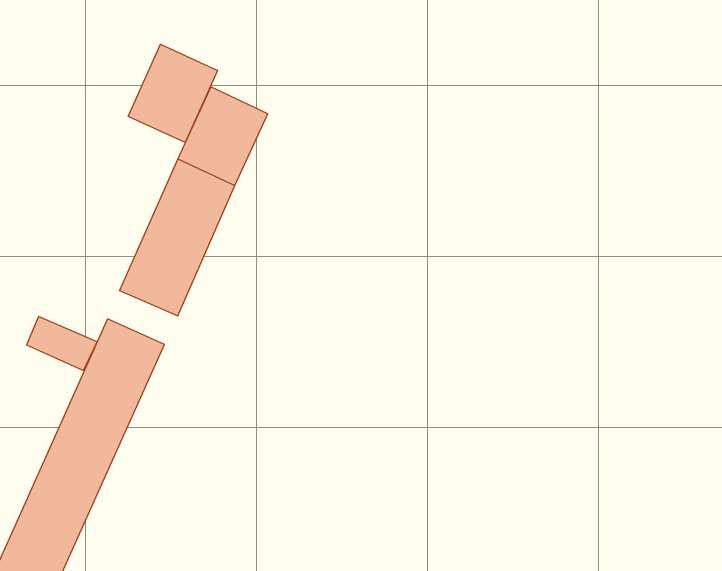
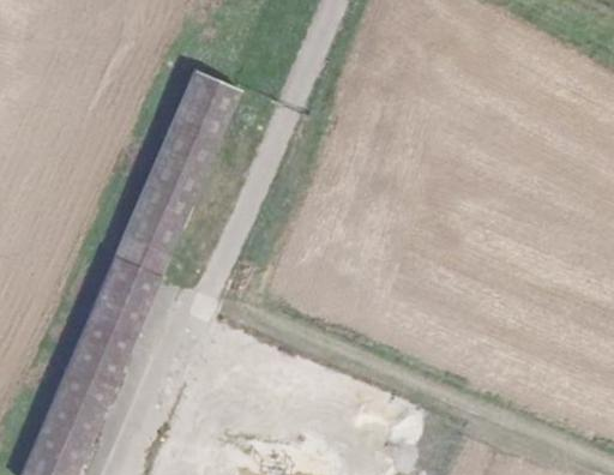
building: [128,44,218,143] -> none
building: [27,317,97,370] -> [115,234,171,277]

